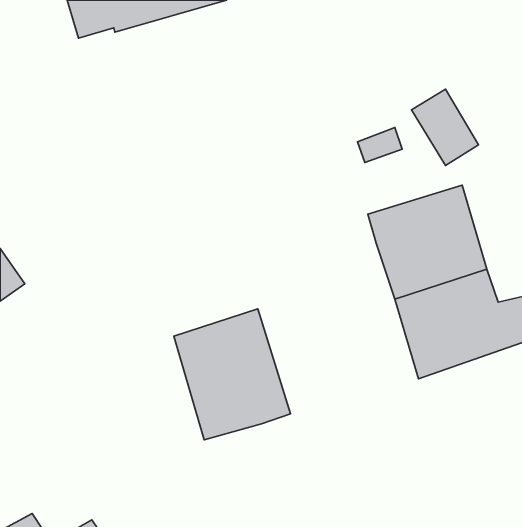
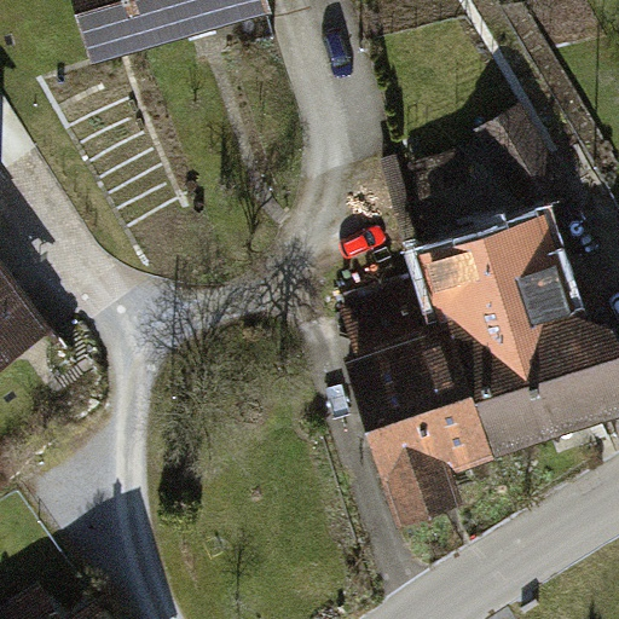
building: none -> [355,287,497,509]
building: [174,309,290,440] -> none

